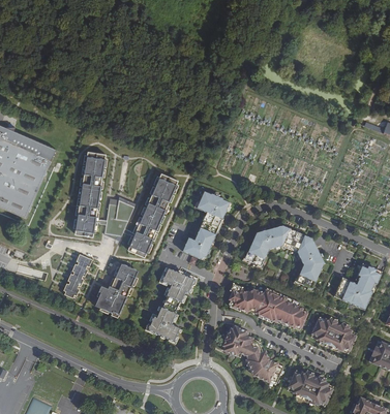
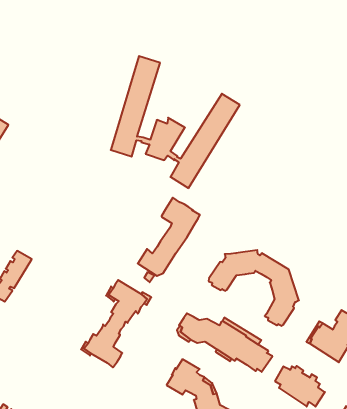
building: [73,152,177,257] -> [111,56,240,188]
building: [94,263,138,315] -> none

